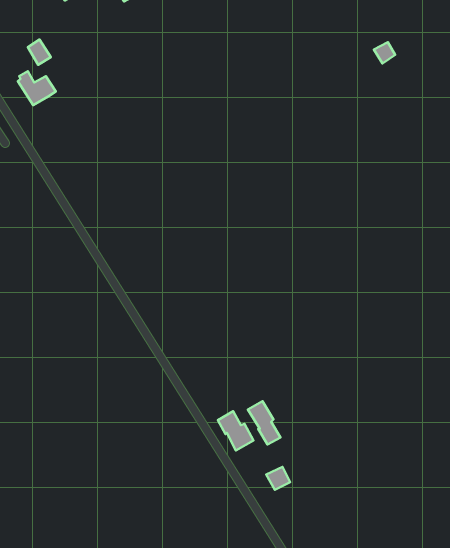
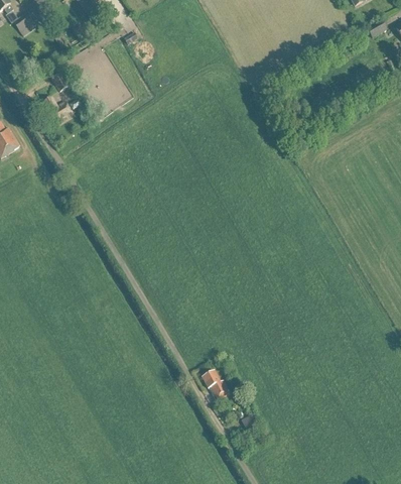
building: [248,401,280,445] -> none

